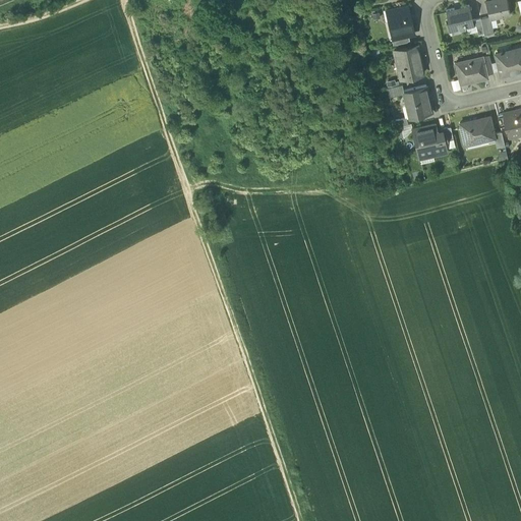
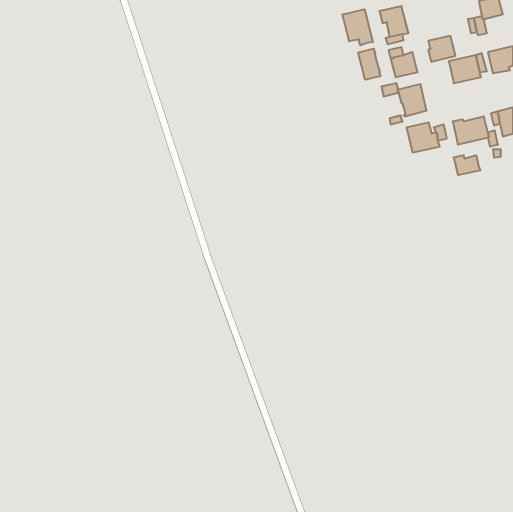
building: [446,5,473,32] -> [428,36,455,62]
building: none -> [342,9,373,45]
building: none -> [358,49,380,80]
building: none -> [454,155,480,175]

